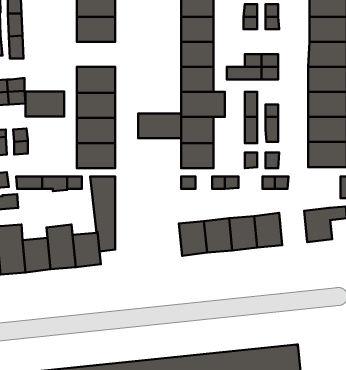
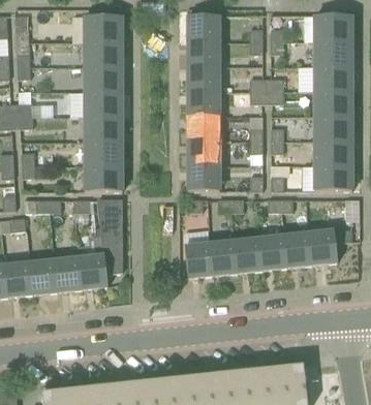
building: [26,92,64,117] -> [84,65,122,90]
building: [138,114,181,138] -> none
building: none -> [284,232,312,267]

